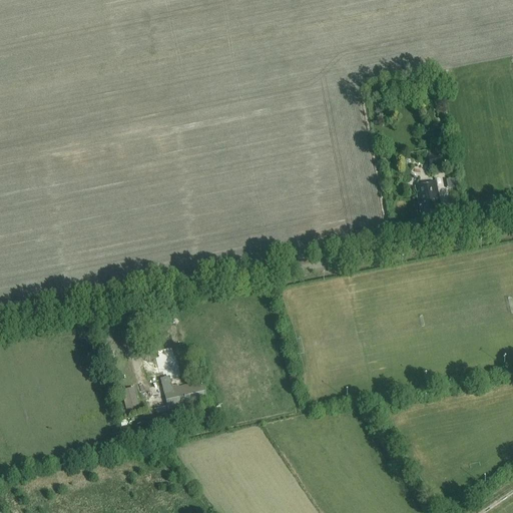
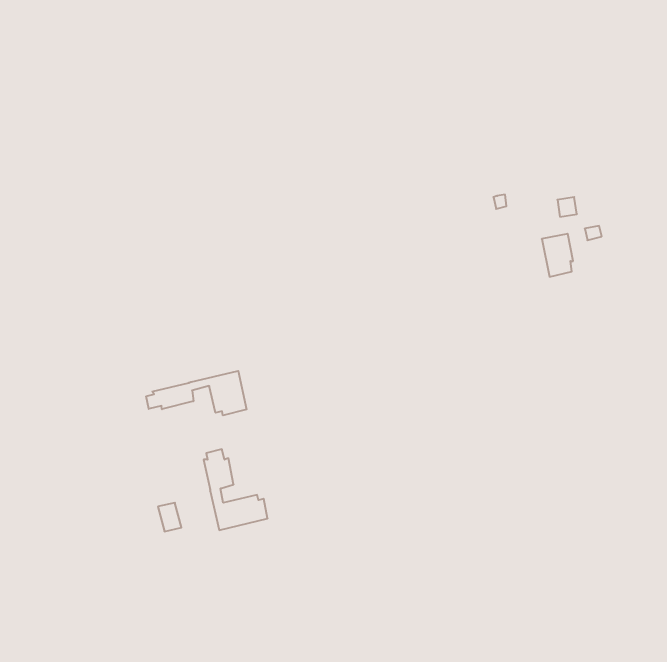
building: none -> [146,371,247,415]

